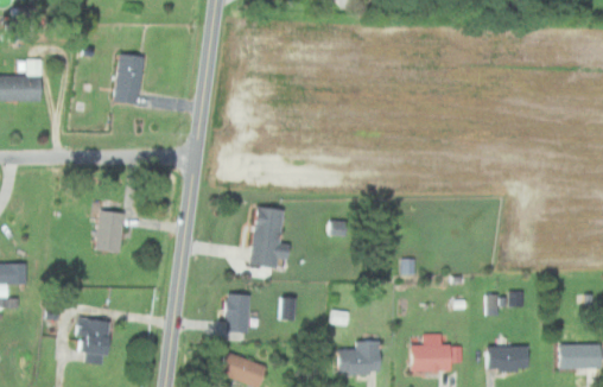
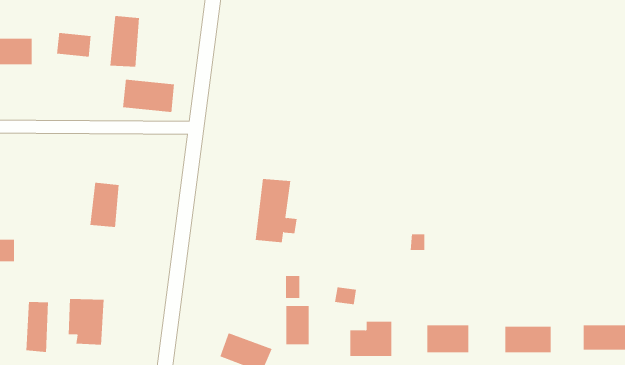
building: none -> [57,32,91,57]
building: none -> [122,79,175,113]
building: [227,294,249,331] -> [285,306,309,345]
building: none -> [26,301,48,353]

